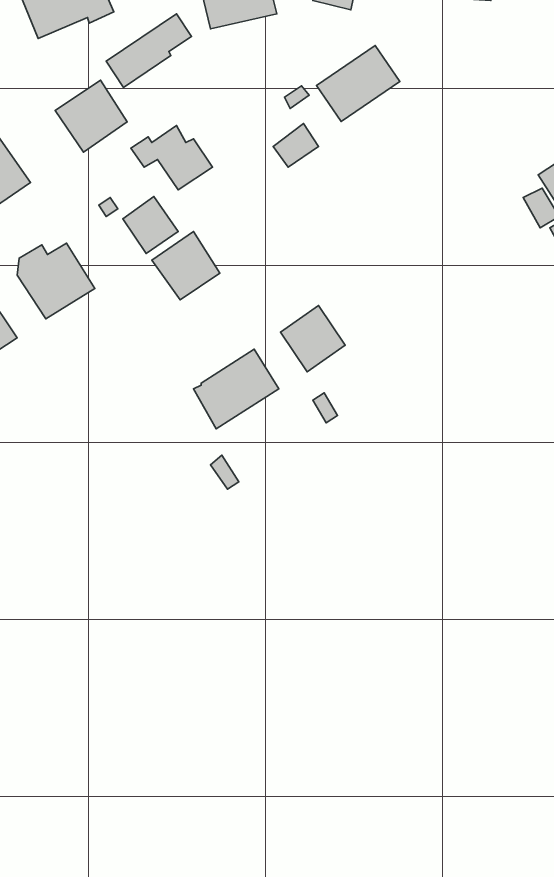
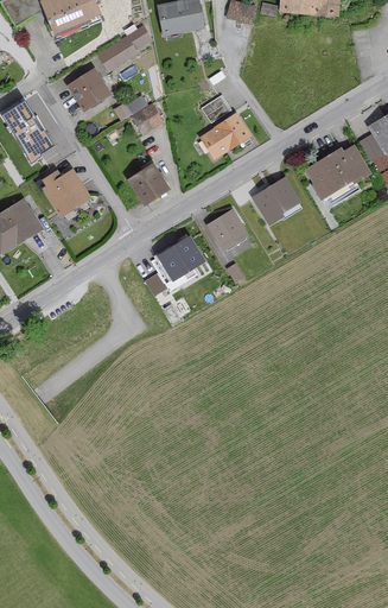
building: [317,46,400,121] -> [199,112,252,159]
building: [123,196,178,253] -> none
building: none -> [305,144,370,198]
building: none -> [250,176,300,222]

